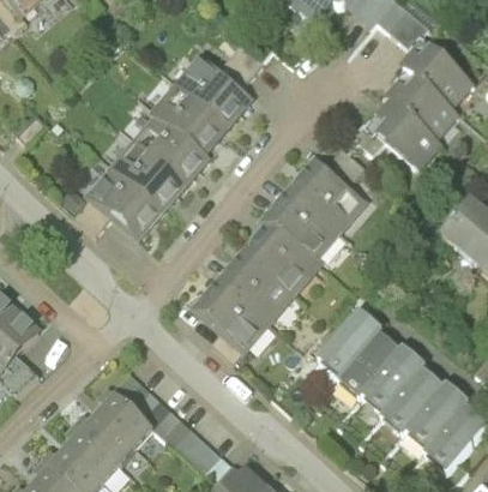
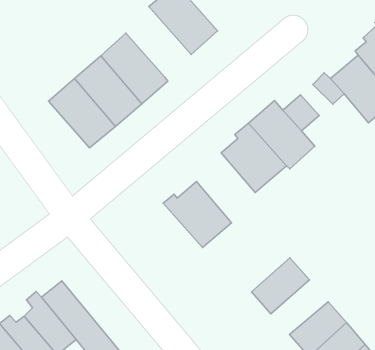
building: [155,85,227,154] -> none
building: [251,221,315,289] -> none
building: [197,280,269,348] -> none
building: [344,335,399,392] -> none

